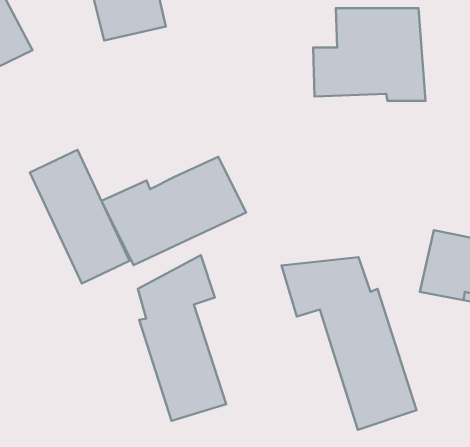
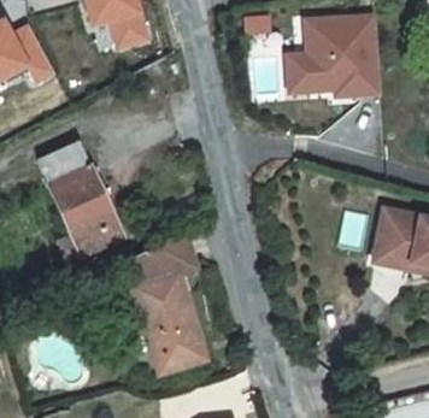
building: [102,157,246,265] -> none
building: [281,257,416,430] -> none

